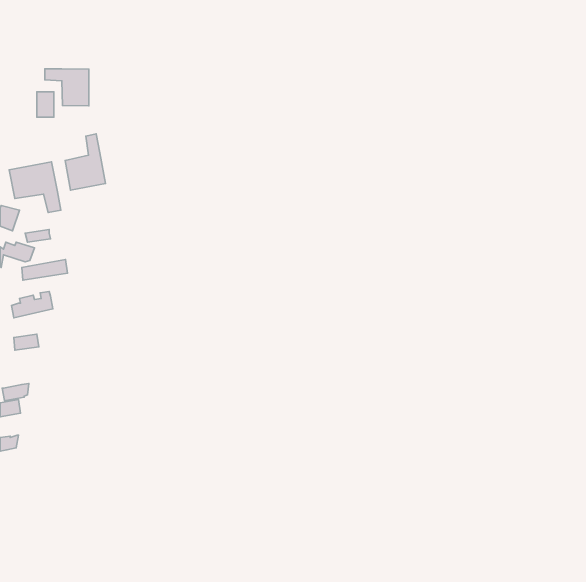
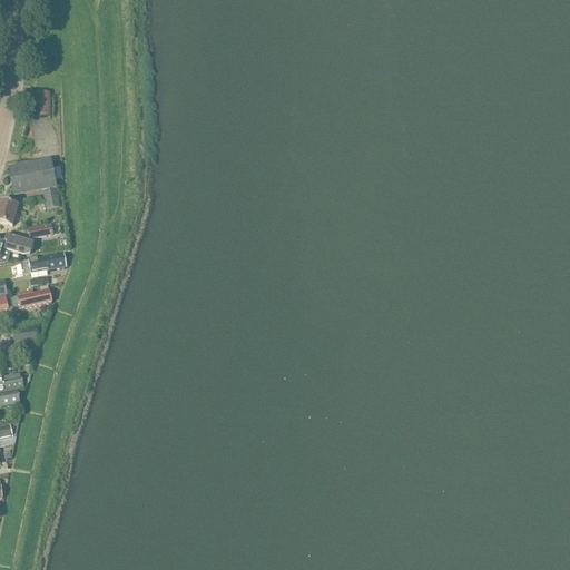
building: [45,69,89,106] -> none
building: [65,134,106,190] -> none

